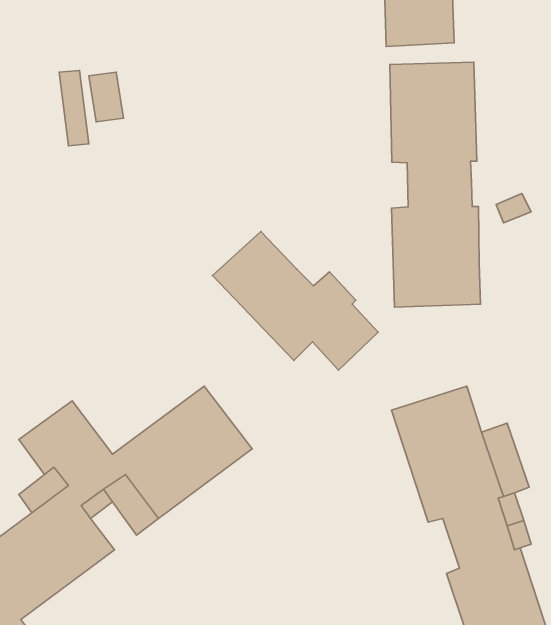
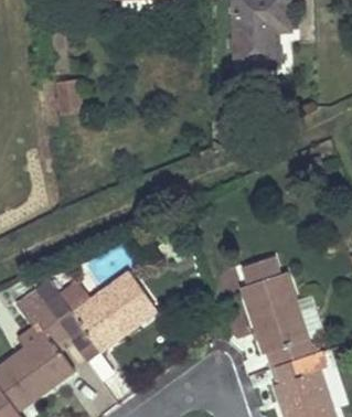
building: [390,62,481,307] -> none
building: [213,232,378,370] -> none

